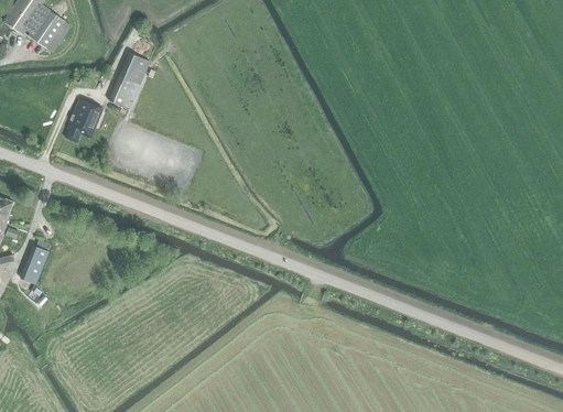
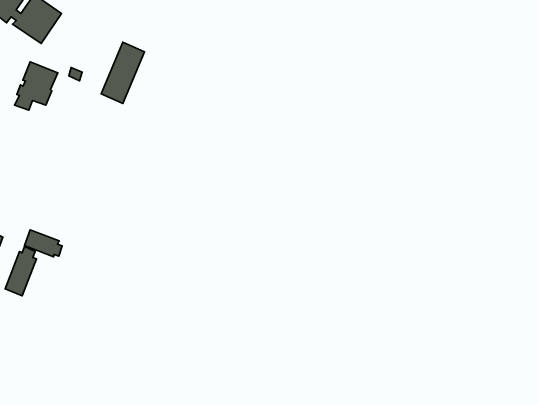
building: [64,98,104,142] -> [15,62,58,110]
building: none -> [25,230,62,257]

